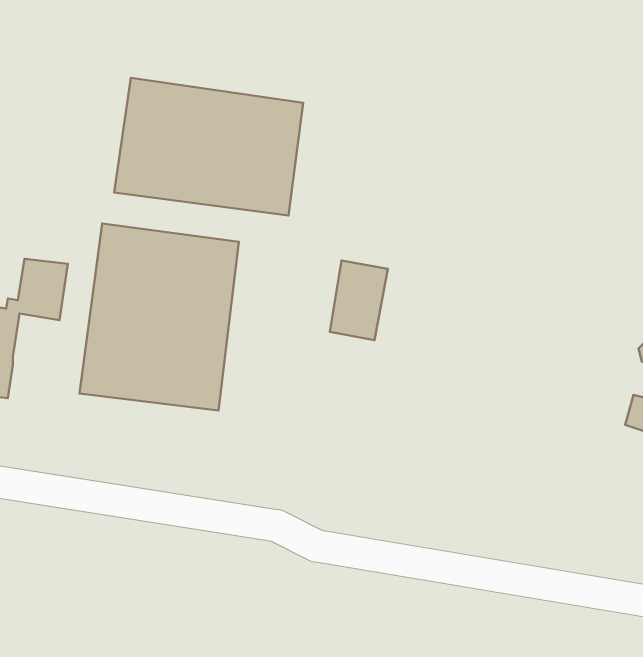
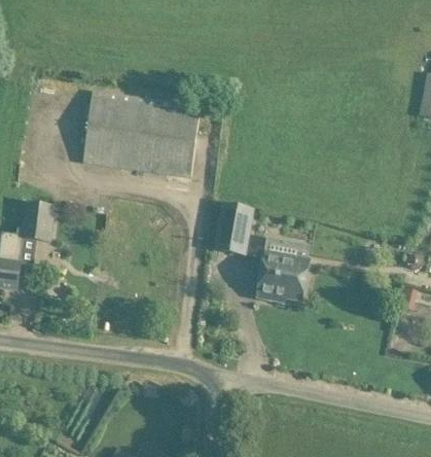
building: [80,223,239,411] -> none
building: none -> [256,239,308,302]

